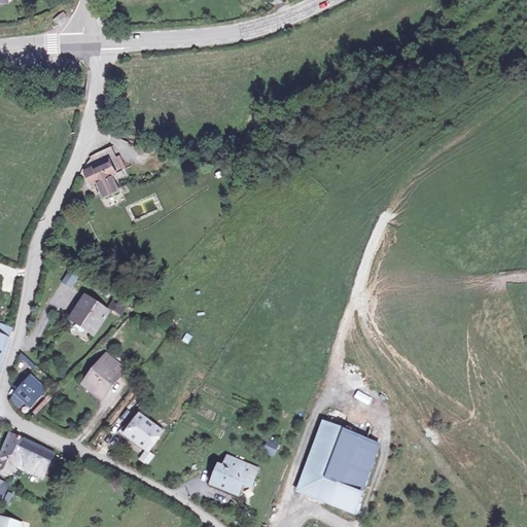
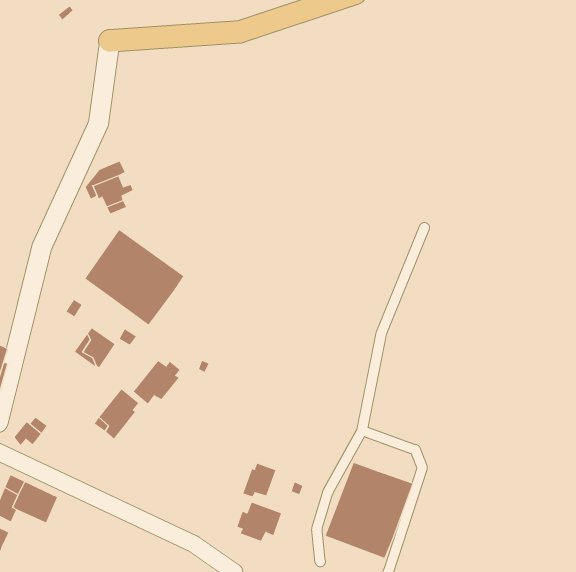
building: none -> [85,229,184,326]
building: none -> [133,360,180,405]
building: [120,413,162,449] -> none
building: none -> [242,463,276,497]

